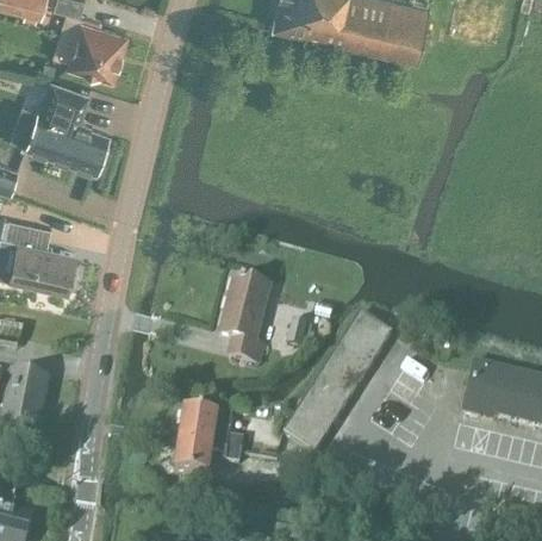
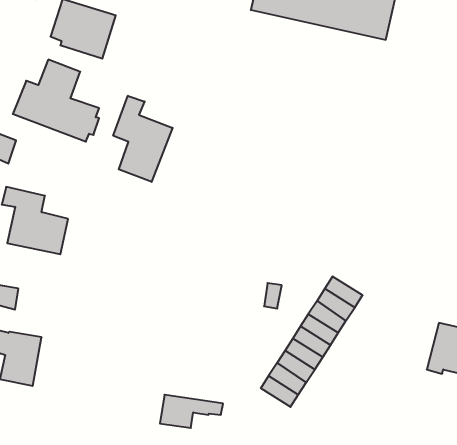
building: none -> [113,96,173,182]
building: [218,279,268,367] -> none
building: [177,413,261,456] -> none

